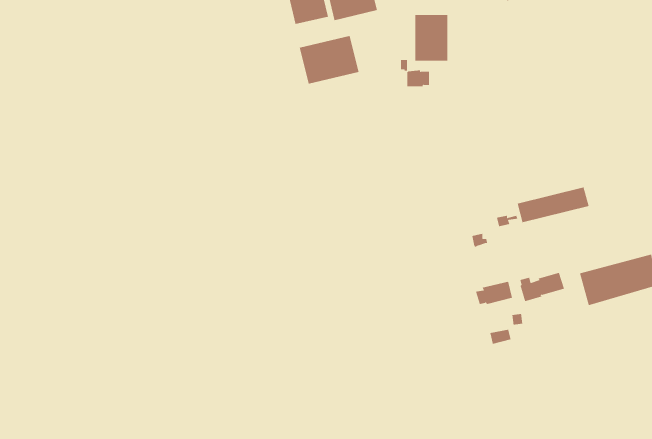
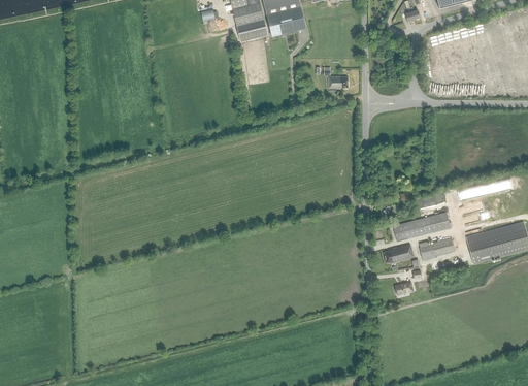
building: [415,14,448,62] -> none
building: [299,35,359,85] -> none
building: [517,187,589,223] -> [393,212,451,240]

